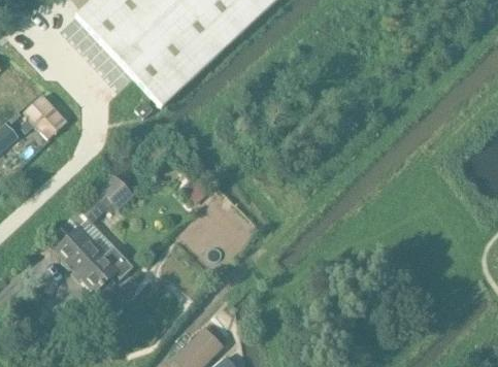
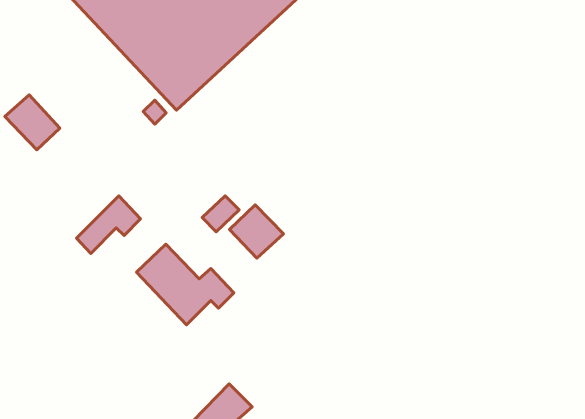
building: none -> [230,205,283,258]
building: [56,225,134,290] -> [136,244,234,325]

